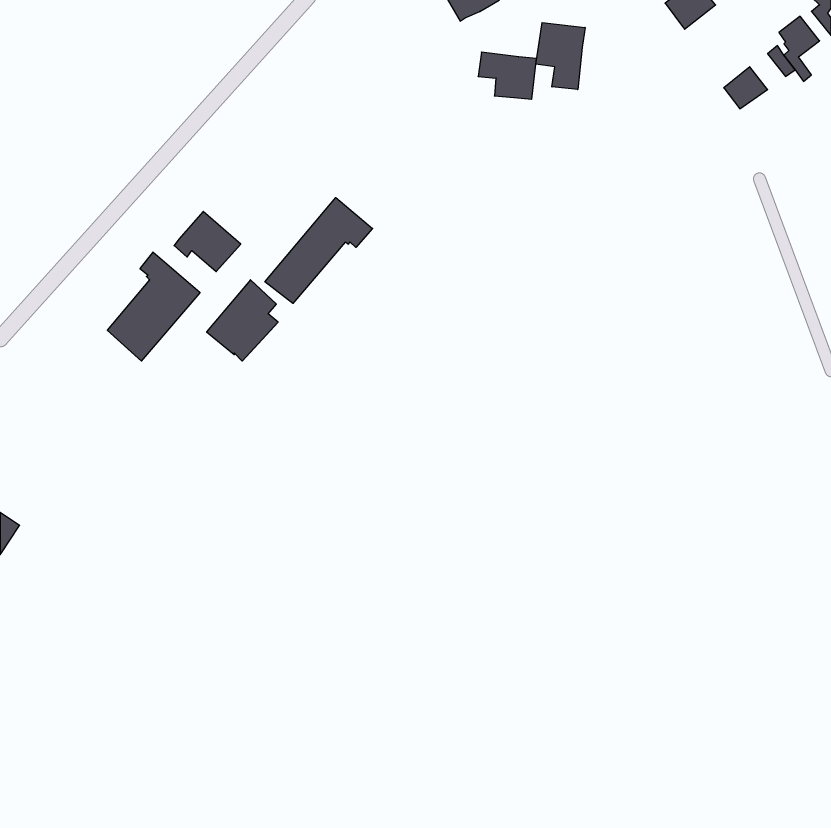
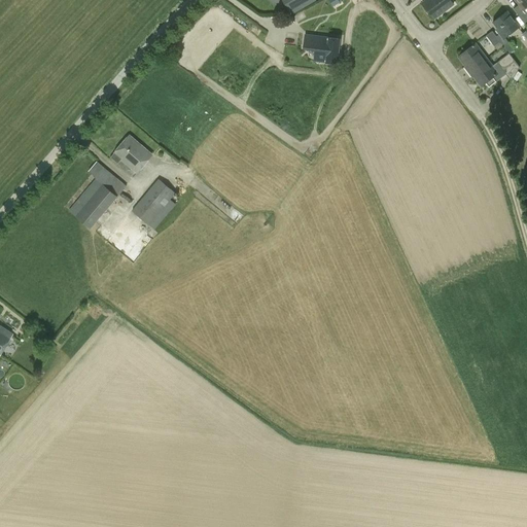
building: [536,23,585,90] -> none
building: none -> [468,51,520,85]
building: [265,198,373,303] -> none

